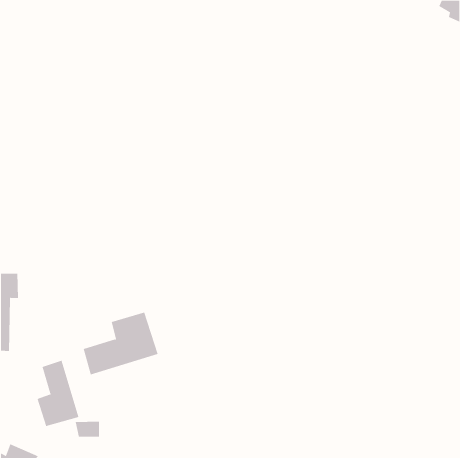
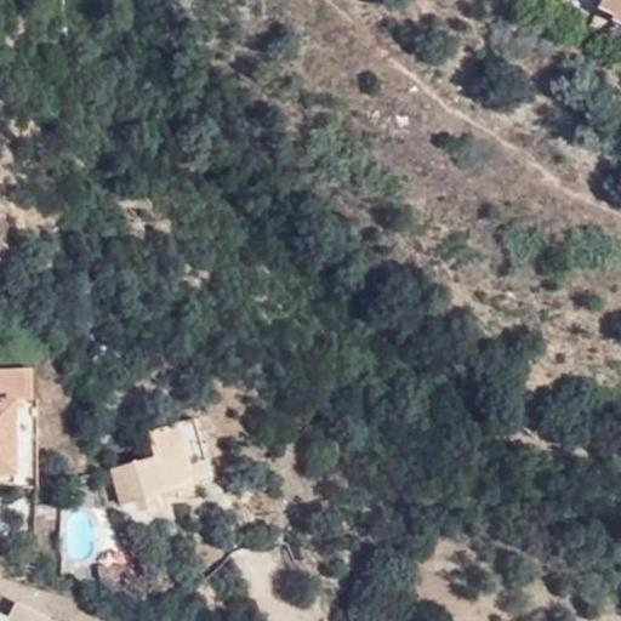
building: [37,360,79,427] -> none

